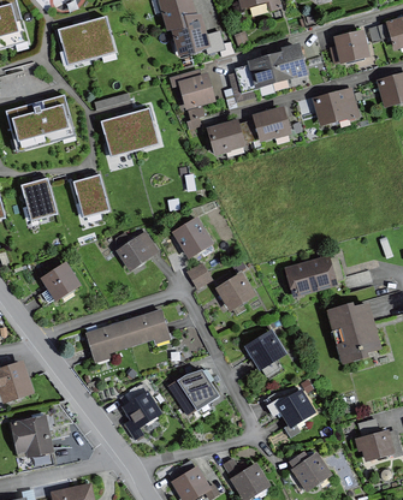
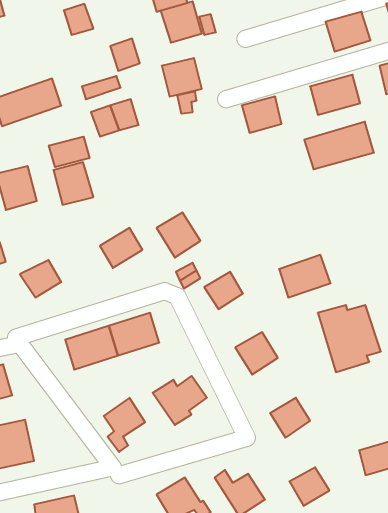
building: [63,29,90,59] -> [110,39,140,71]
building: [241,48,306,93] -> [304,122,374,169]
building: [203,123,242,156] -> none
building: none -> [49,137,89,167]

